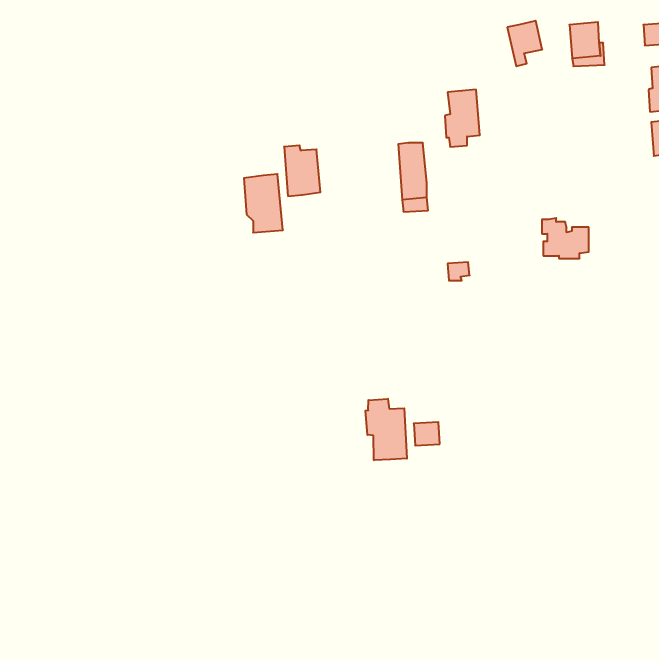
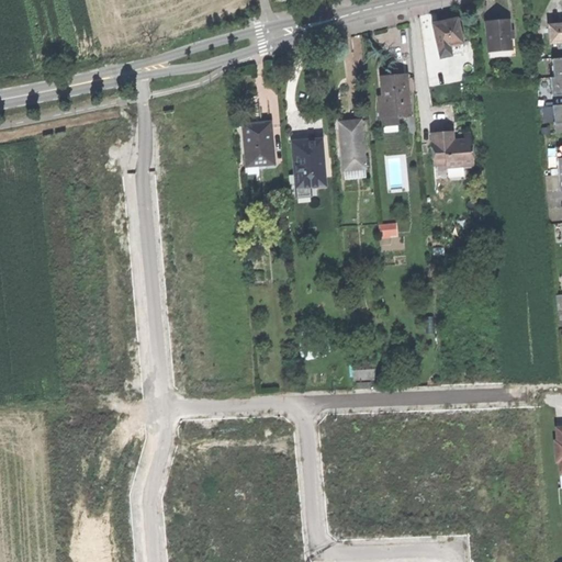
building: [244,174,283,233] -> [293,138,326,188]
building: [542,218,589,258] -> [432,131,472,165]
building: [365,399,407,460] -> none

